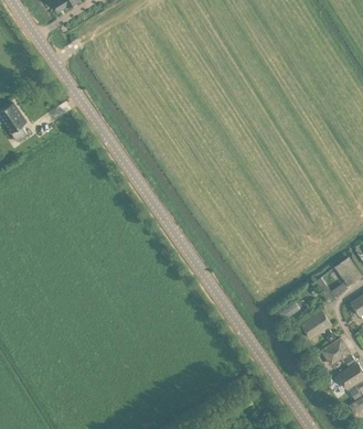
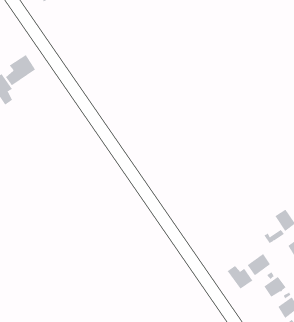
building: none -> [5,54,36,86]
building: none -> [227,265,253,290]

